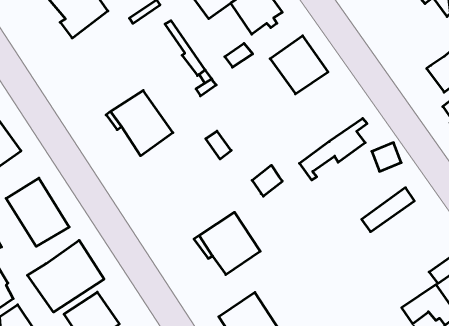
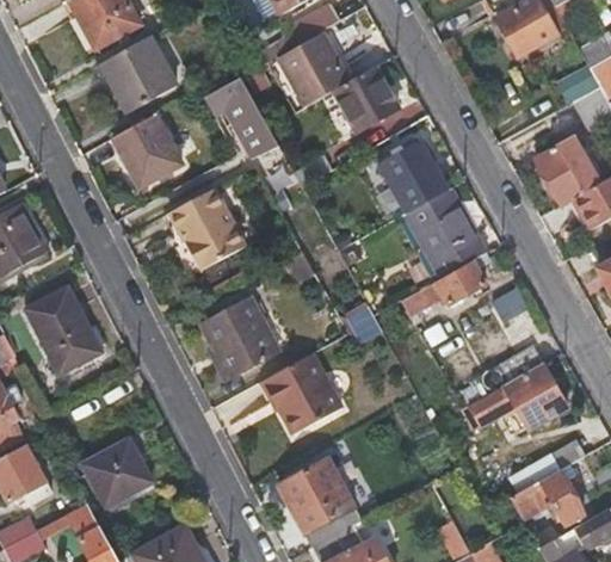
building: none -> [221,93,269,159]
building: none -> [533,138,597,205]
building: none -> [112,115,180,187]
building: none -> [403,190,486,278]
building: none -> [202,297,279,377]
building: none -> [468,364,566,431]
building: [27,240,104,312] -> none

